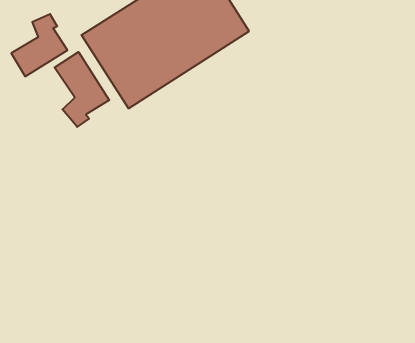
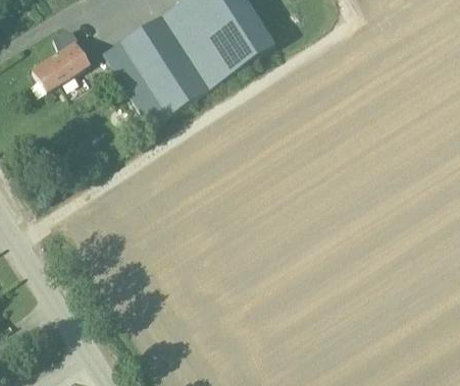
building: [55,52,109,127] -> none

